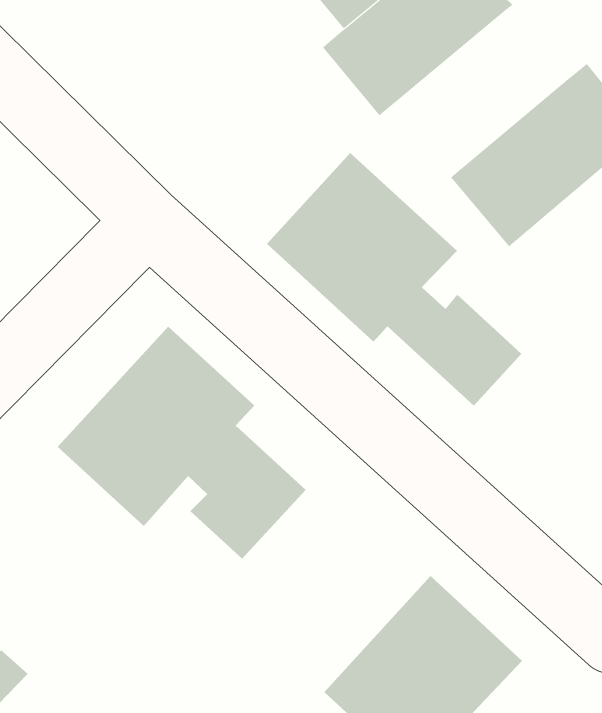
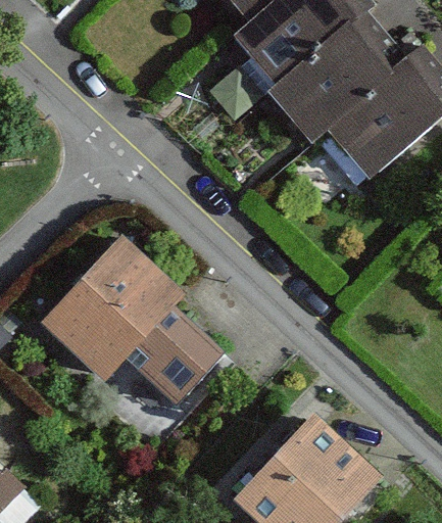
building: none -> [267,10,408,142]
building: [266,152,522,407] -> none

